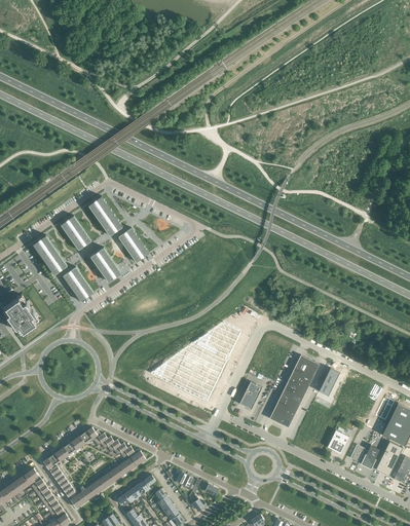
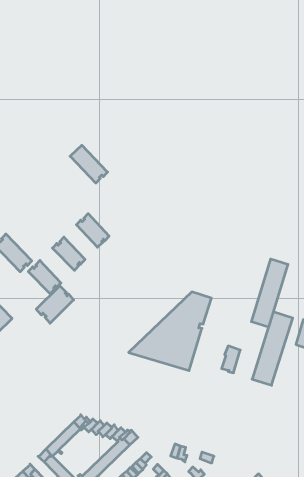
building: [87,196,122,236] -> [70,145,108,183]
building: [60,216,90,251] -> none
building: none -> [36,286,74,323]
building: none -> [251,259,288,327]

